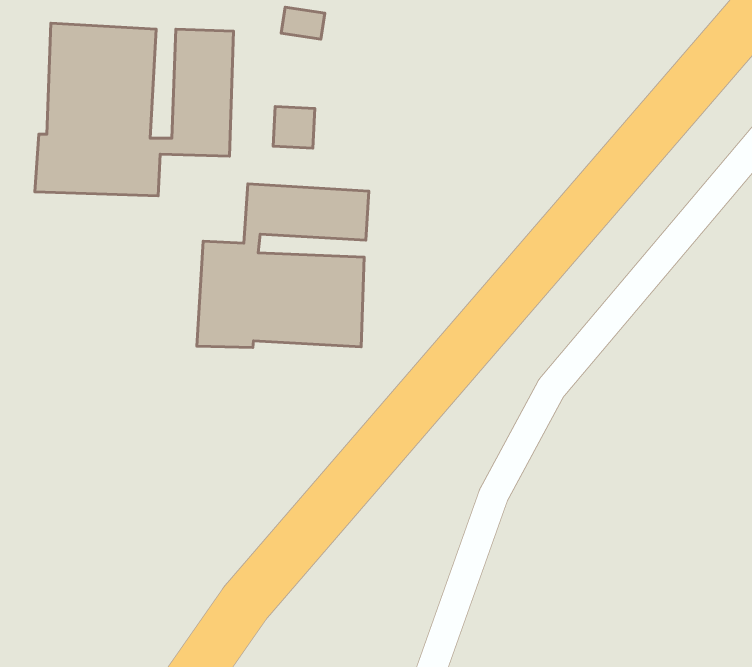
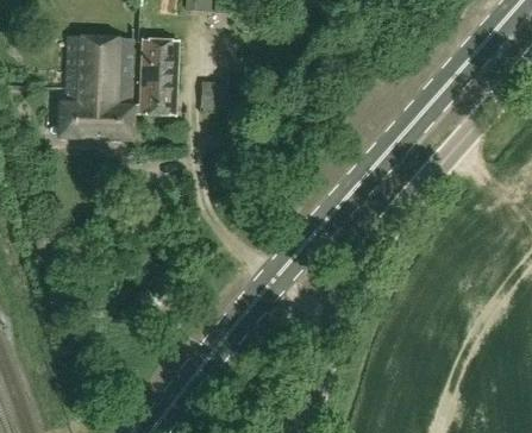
building: [197,184,369,348] -> none

